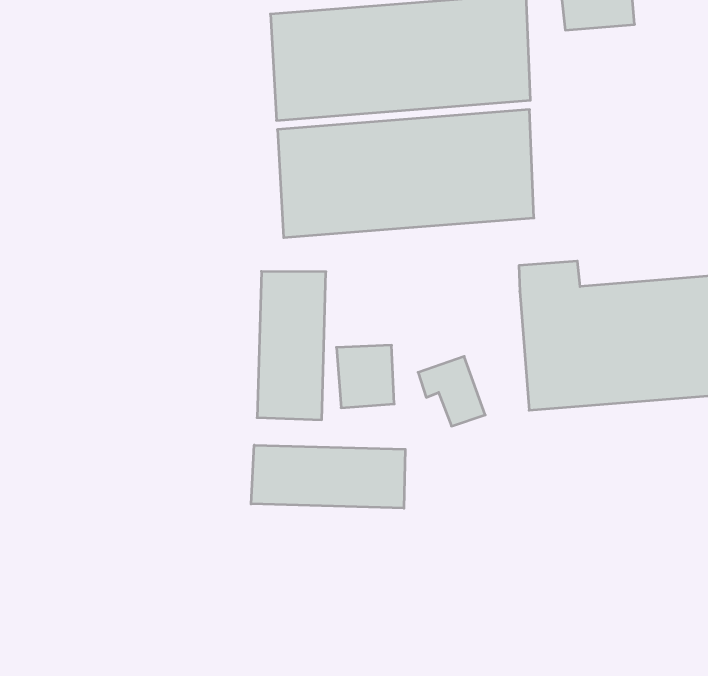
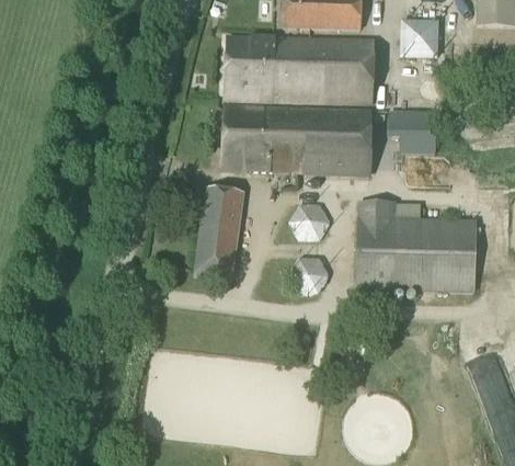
building: none -> [389,107,438,151]
building: [336,345,394,408] -> [294,200,328,237]
building: [251,445,405,508] -> none

